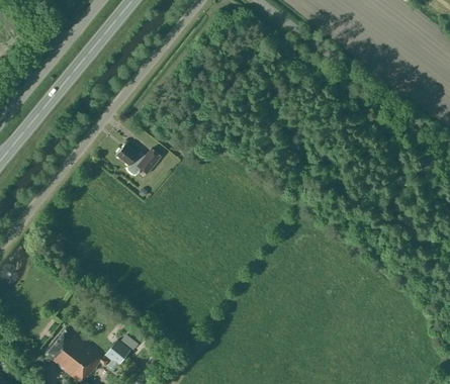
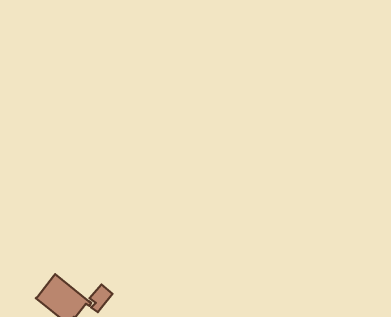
building: [116,142,161,173] -> none

